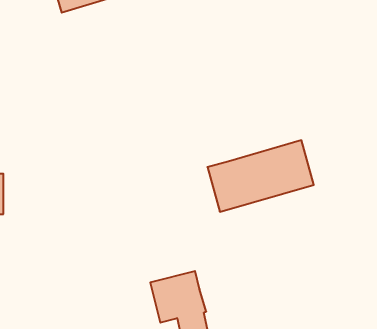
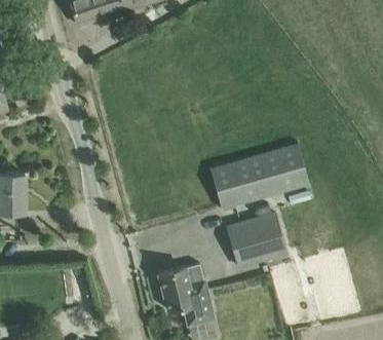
building: none -> [227,213,285,266]

